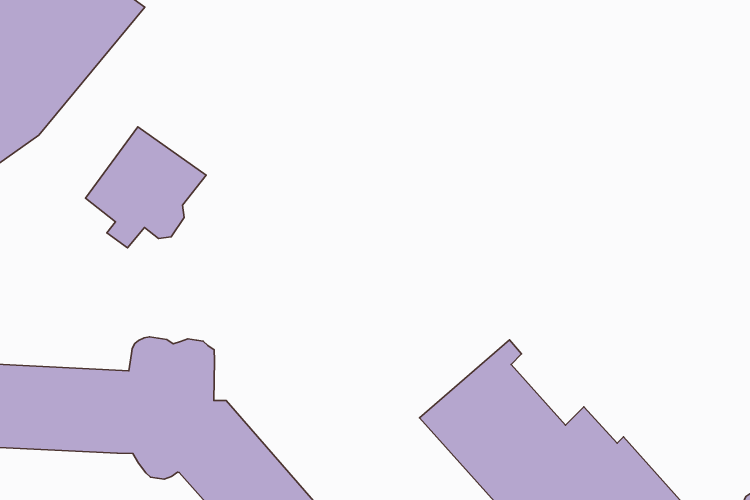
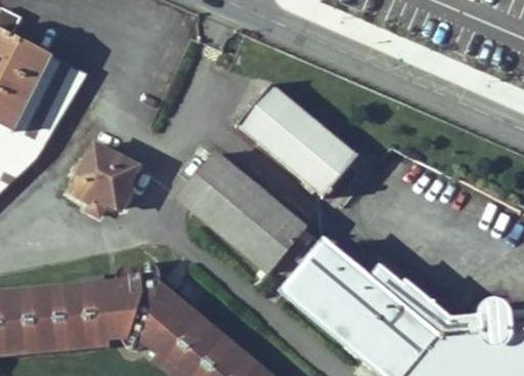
building: none -> [236,82,357,195]
building: none -> [175,150,314,274]

